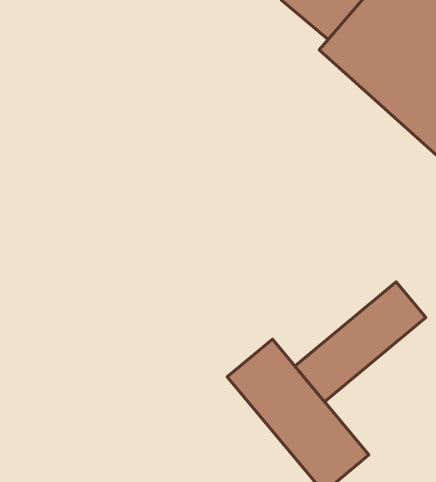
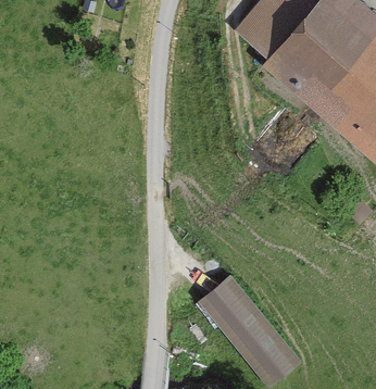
building: [295,282,426,402] -> none

